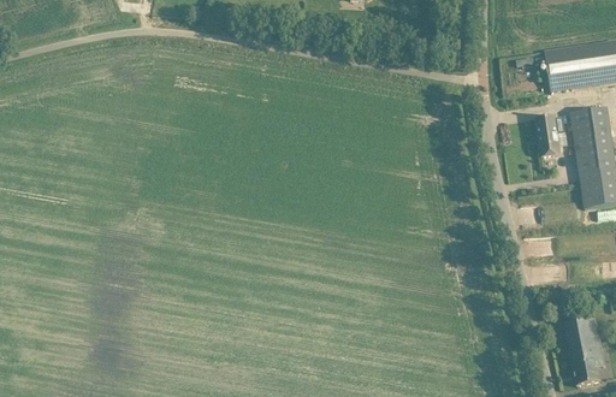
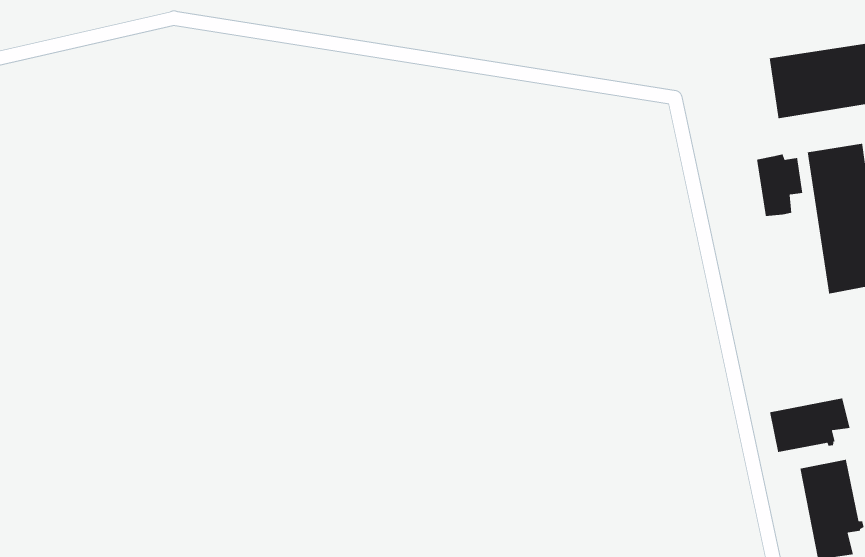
building: none -> [769,397,850,453]

